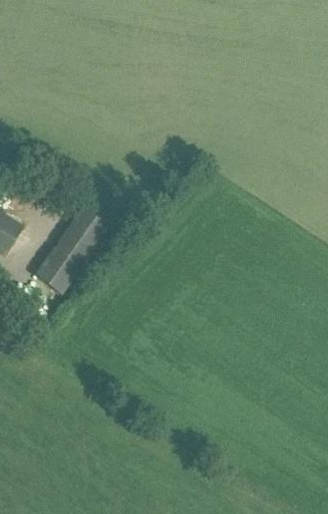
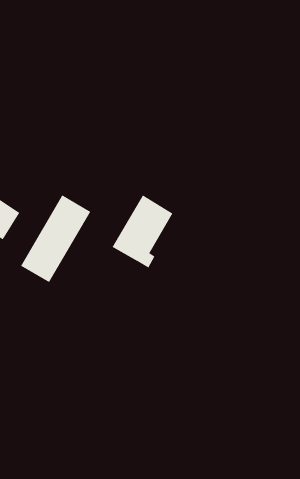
building: none -> [112,194,173,269]

